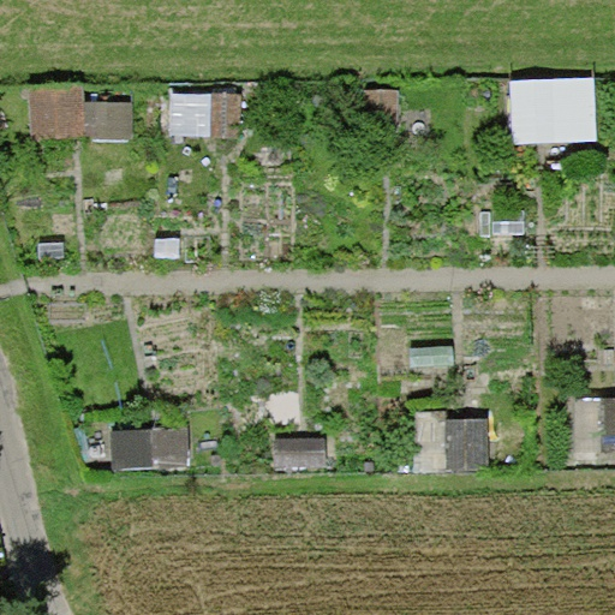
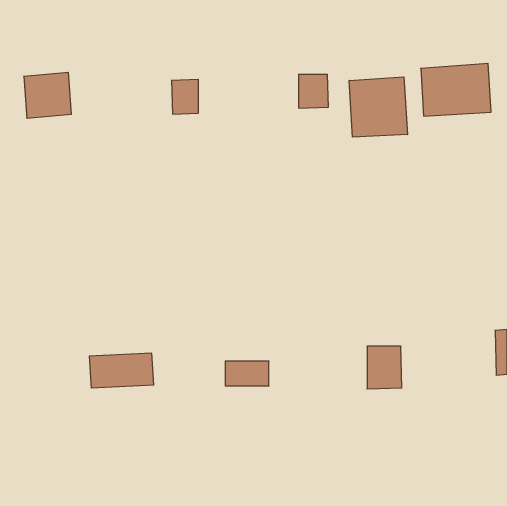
building: none -> [349,77,407,137]

